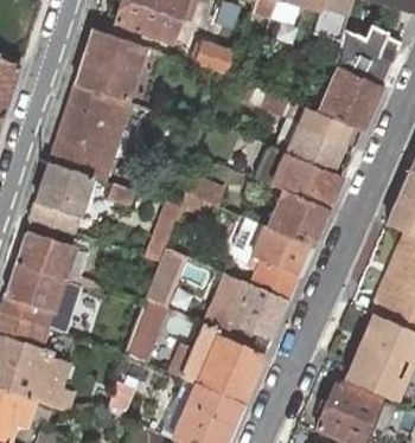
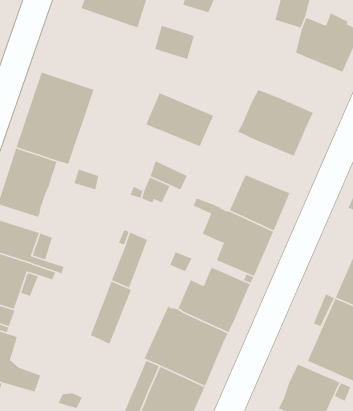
building: [75,30,143,102] -> none
building: [317,68,382,133] -> none
building: [273,153,343,208] -> [145,92,214,147]

